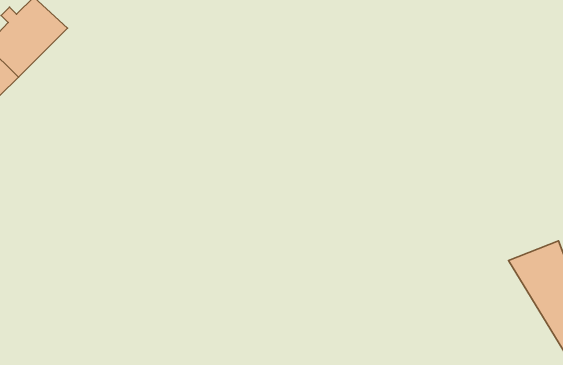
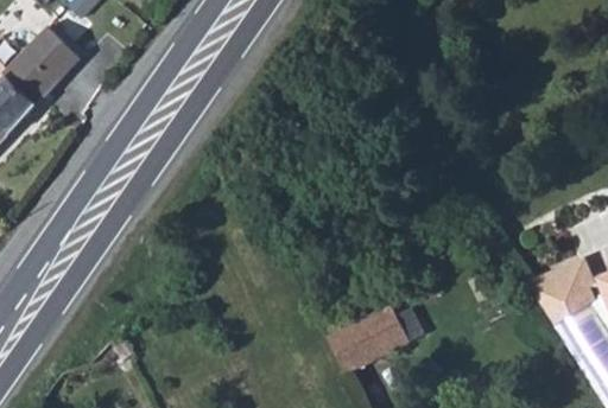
building: none -> [323,305,407,375]

